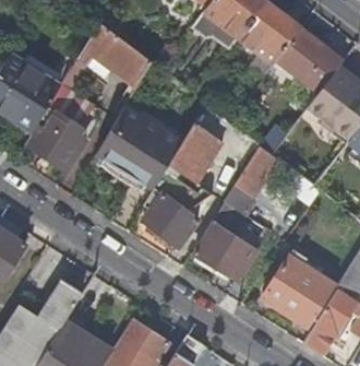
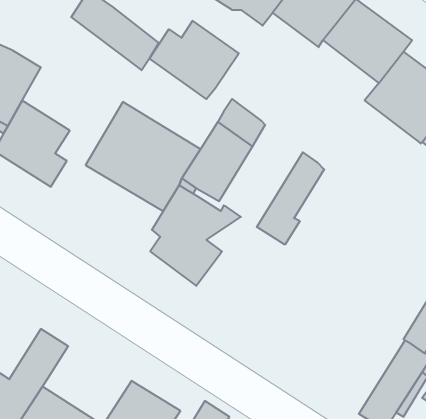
building: none -> [149,21,239,99]
building: [193,202,259,282] -> none
building: [263,257,337,329] -> none

